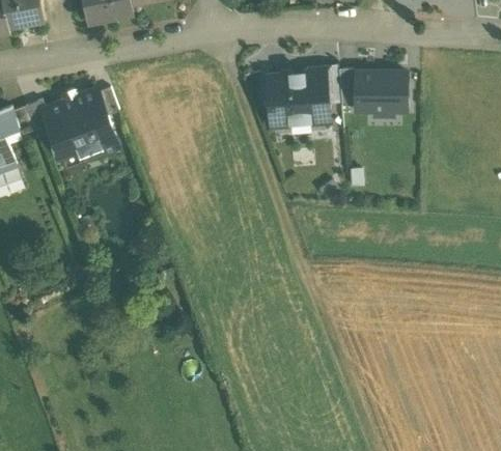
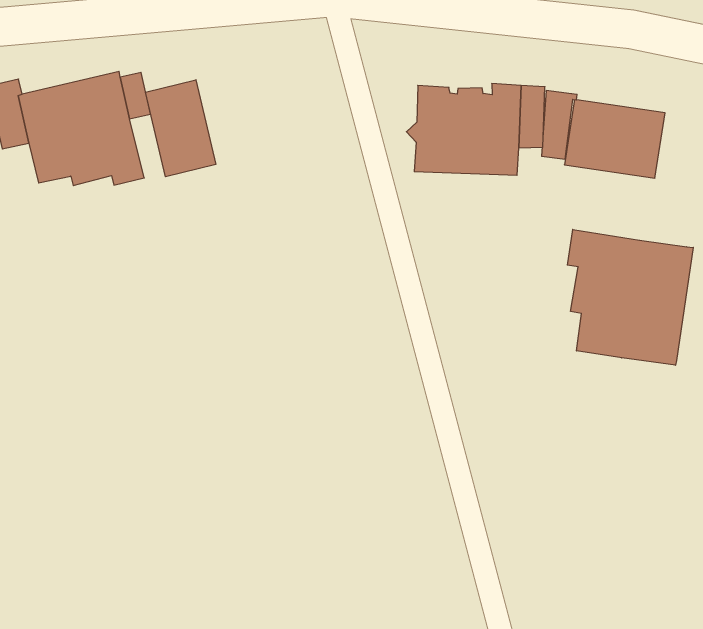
building: none -> [145,80,216,177]
building: none -> [567,229,693,365]

